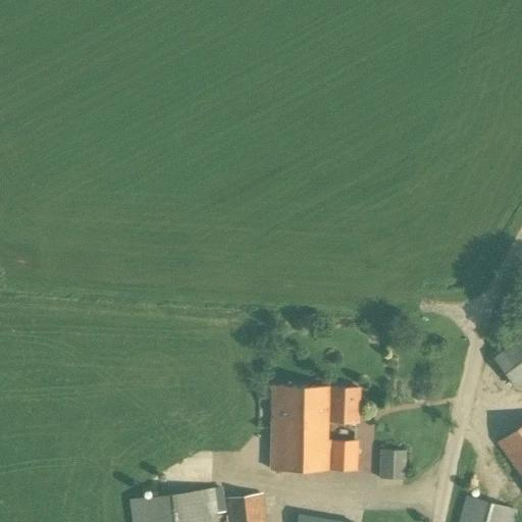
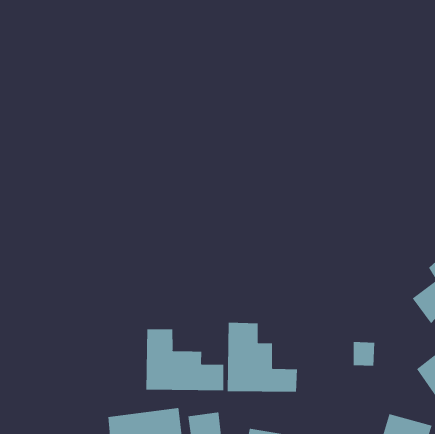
building: [310,388,359,423] -> none
building: none -> [146,329,224,391]
building: [380,451,407,480] -> [353,342,375,366]

